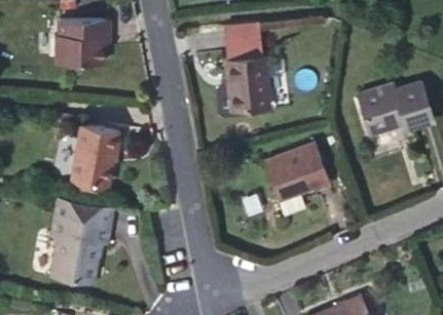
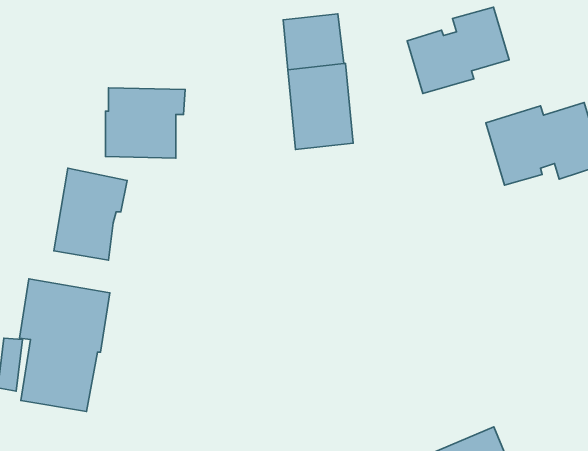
building: none -> [407,7,509,94]
building: [58,19,110,66] -> [105,88,185,158]
building: [265,143,331,218] -> none

